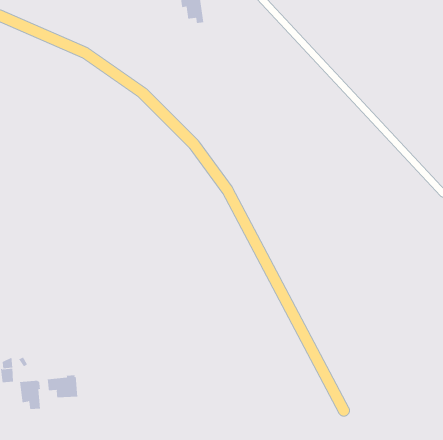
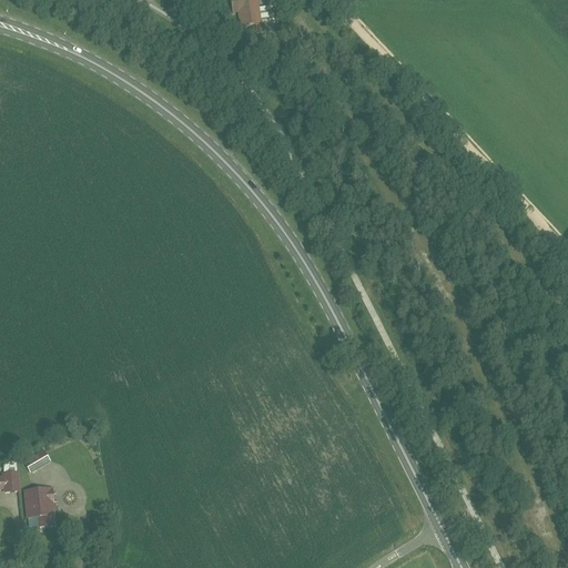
building: [47,374,78,398] -> none

